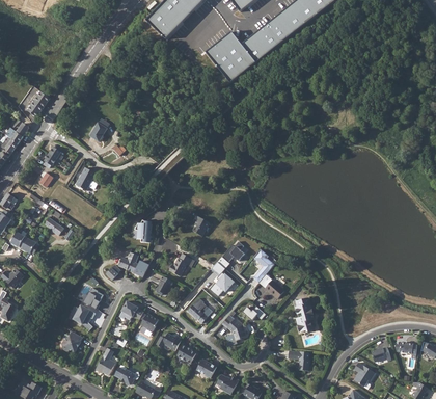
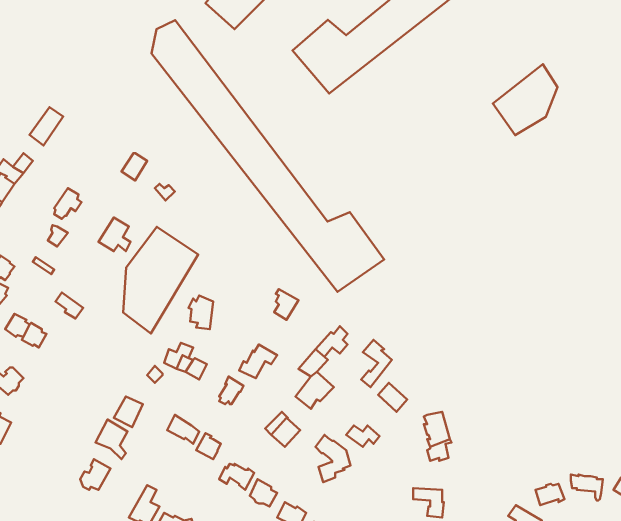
building: none -> [151,20,384,292]
building: none -> [493,64,558,135]
building: none -> [123,227,198,333]

